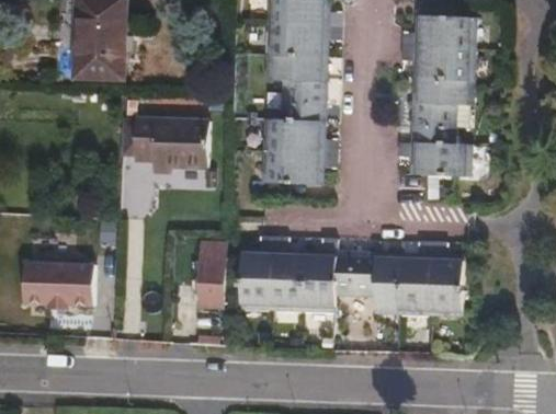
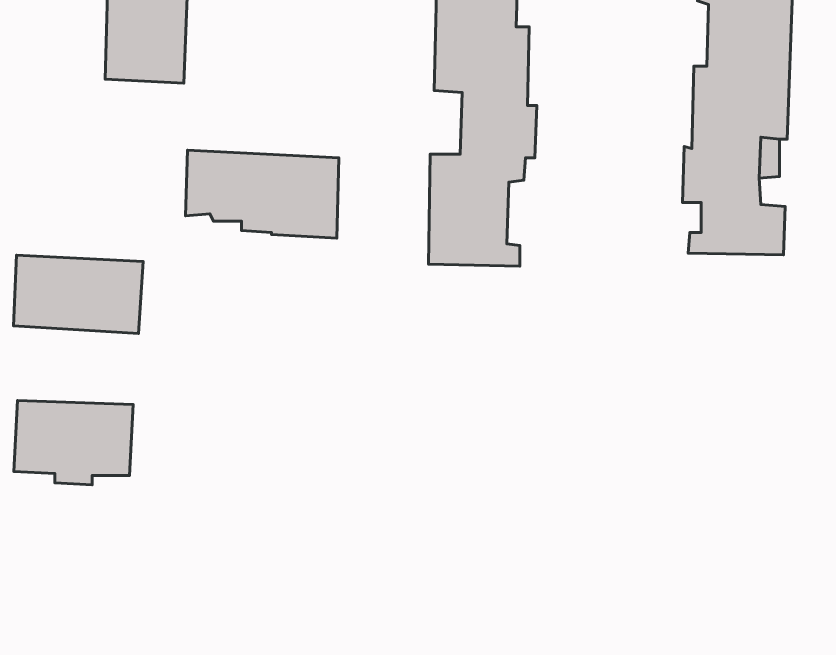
building: none -> [14,255,143,334]
building: [200,240,224,304] -> none
building: [242,251,465,317] -> none

